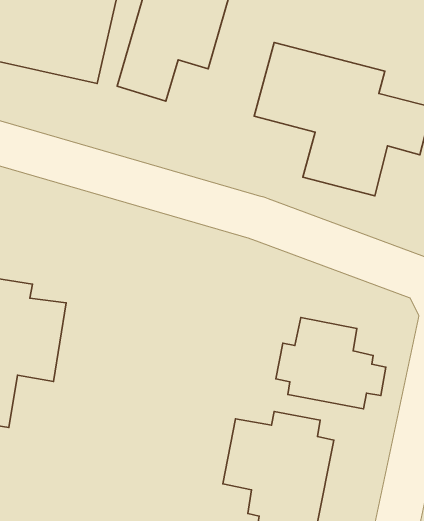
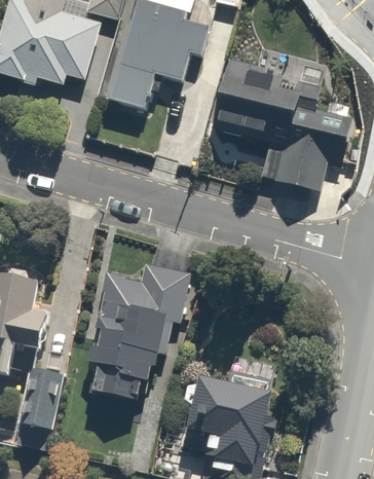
building: none -> [81,253,190,402]
building: [276,318,386,409] -> none
building: none -> [25,373,59,428]

